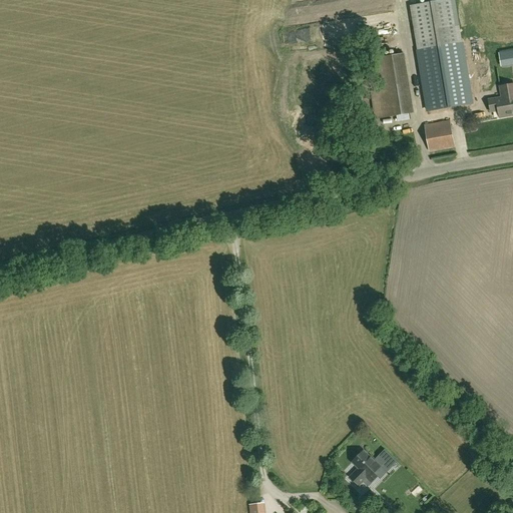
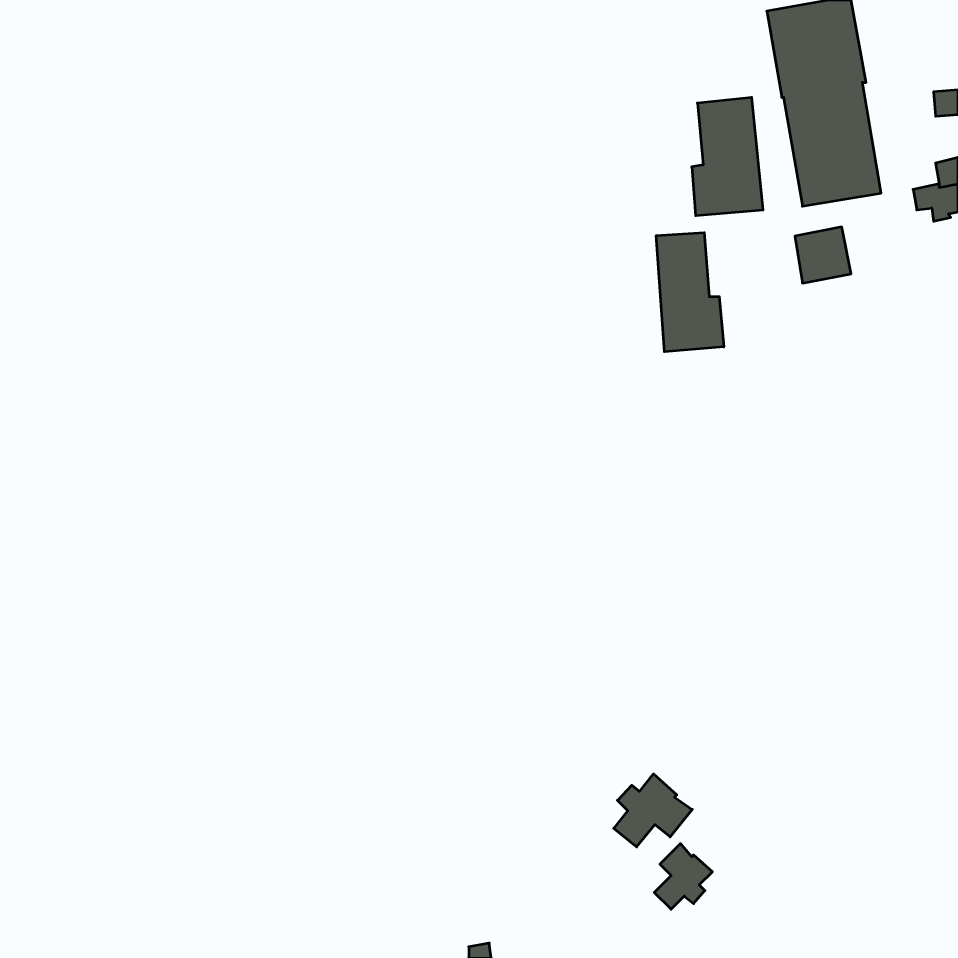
building: none -> [656,233,724,352]
building: none -> [614,774,692,847]

